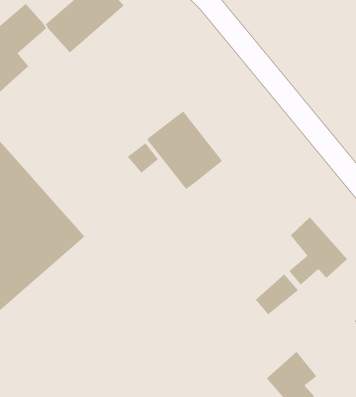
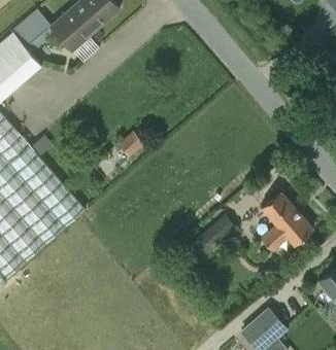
building: [146,111,223,190] -> none
building: [255,274,299,315] -> [199,214,237,250]

